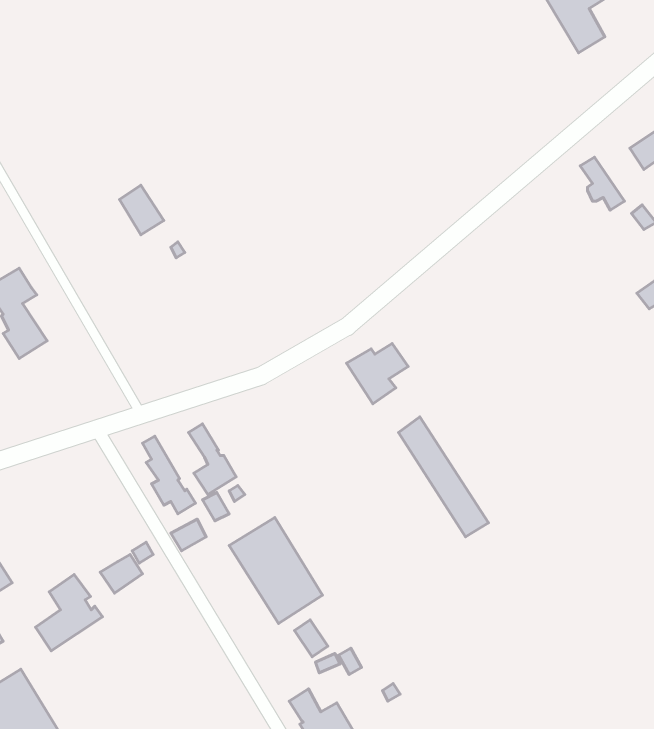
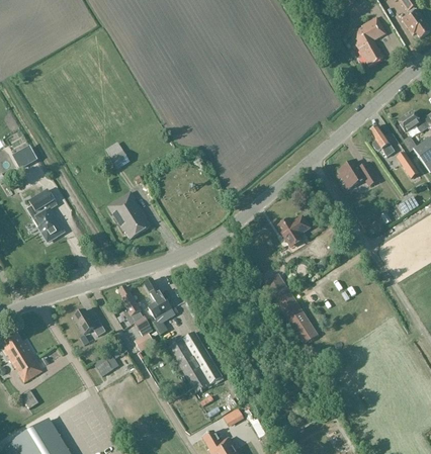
building: none -> [338,160,380,189]
building: none -> [107,191,151,239]
building: [346,344,408,404] -> [276,214,312,249]
building: none -> [73,309,105,336]
building: [36,574,102,651] -> none

